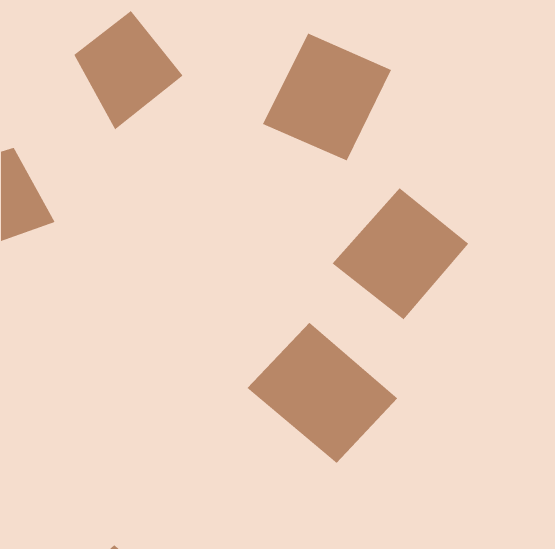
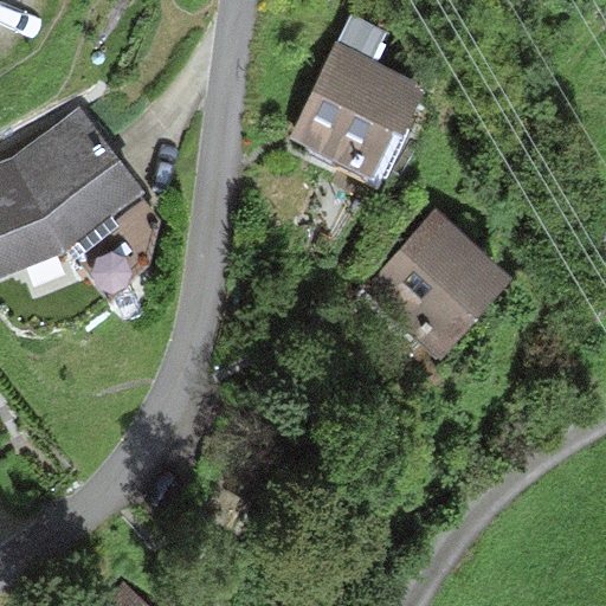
building: [73,10,183,130] -> [17,120,136,250]
building: [247,322,398,464] -> none

